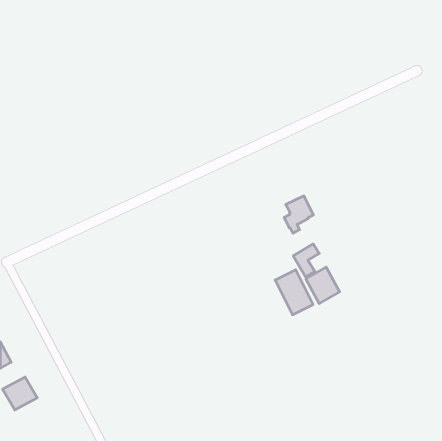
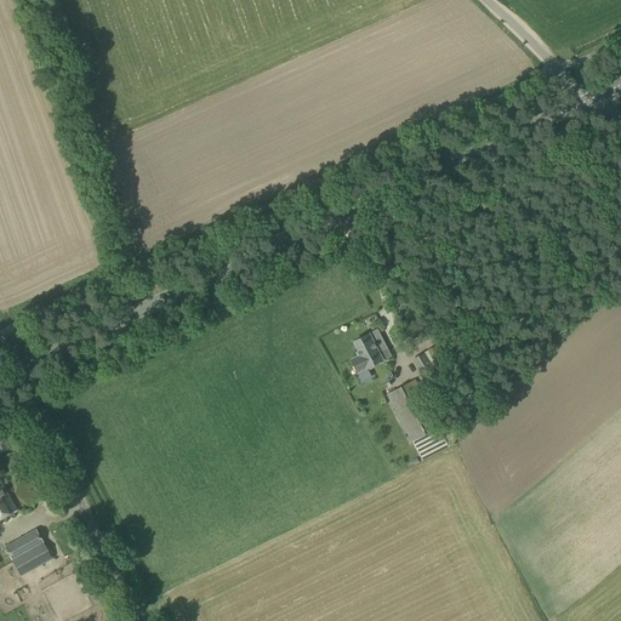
building: [284,196,313,233] -> [349,329,391,381]
building: [306,267,340,304] -> none

